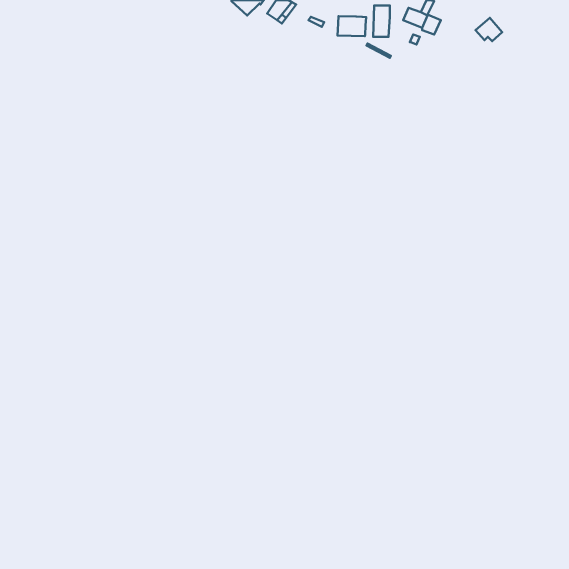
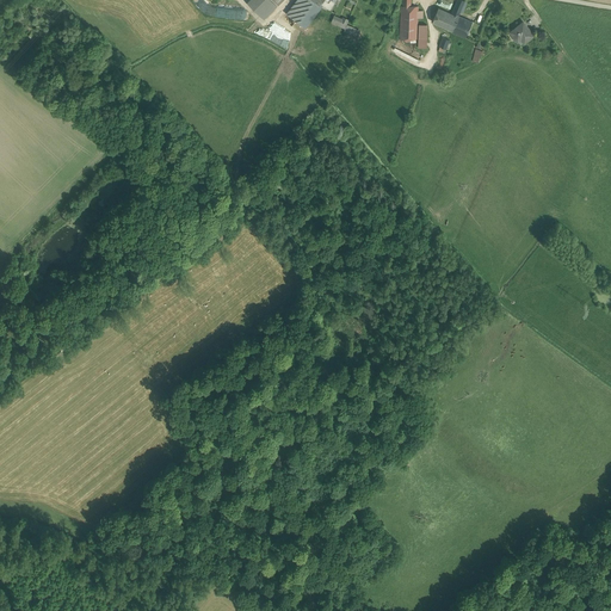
building: [337,16,366,36] -> none

